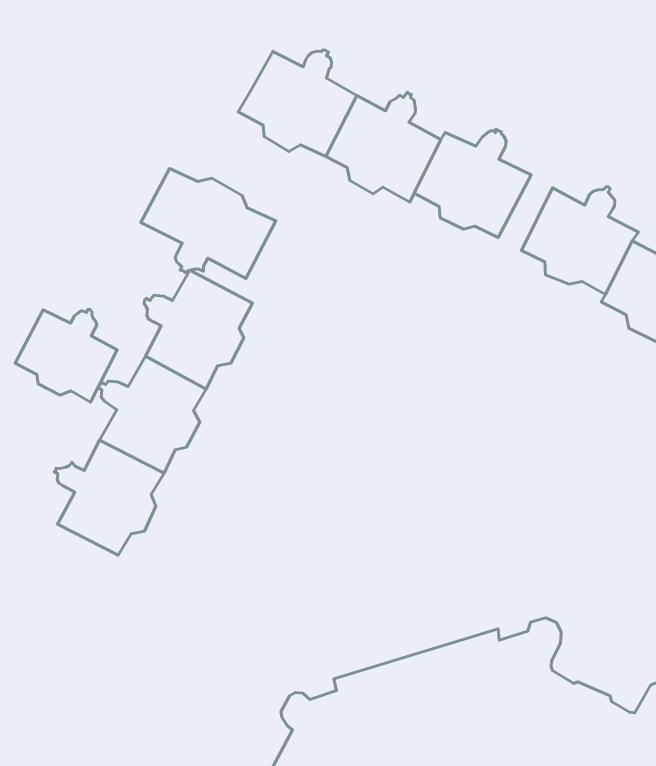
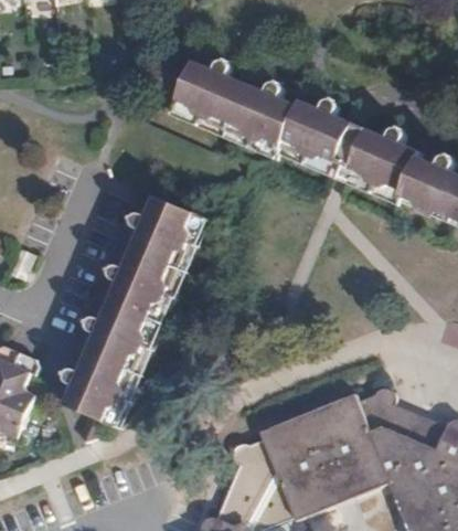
building: [141,168,276,278] -> none
building: [15,309,117,402] -> none
building: none -> [62,353,126,422]

